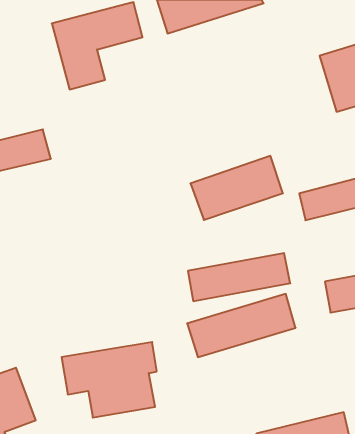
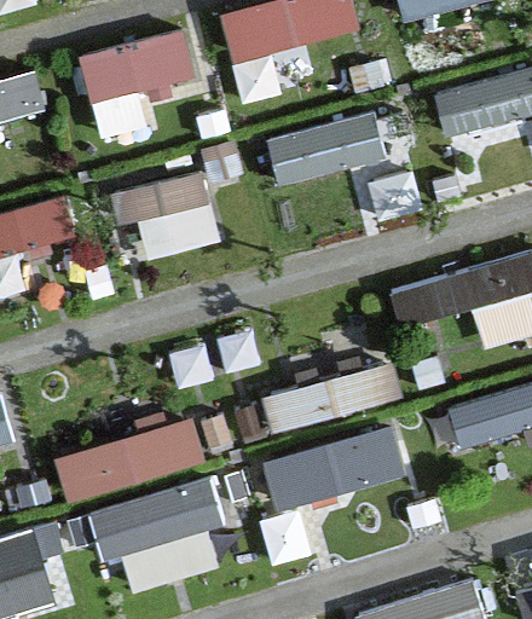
building: none -> [128,175,218,261]
building: [190,156,283,220] -> [264,108,389,195]
building: none -> [54,412,206,503]

